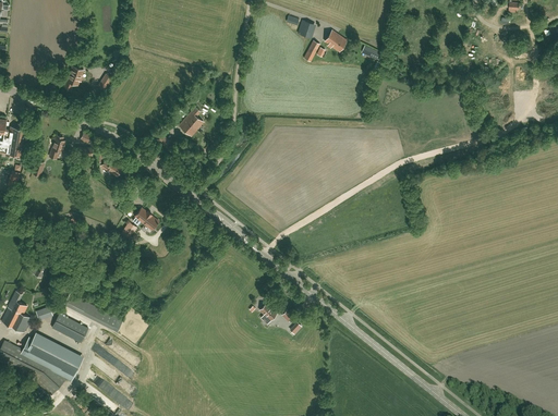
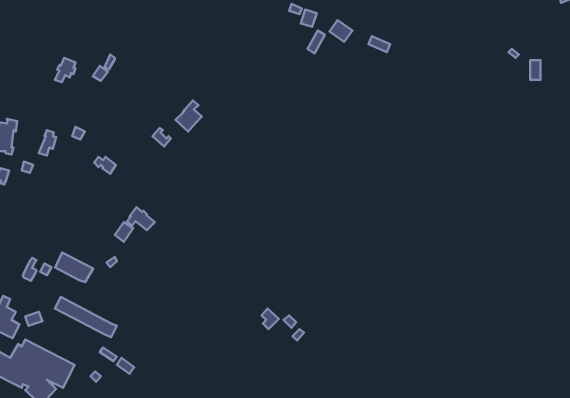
building: [52,314,88,342] -> [55,252,93,282]

